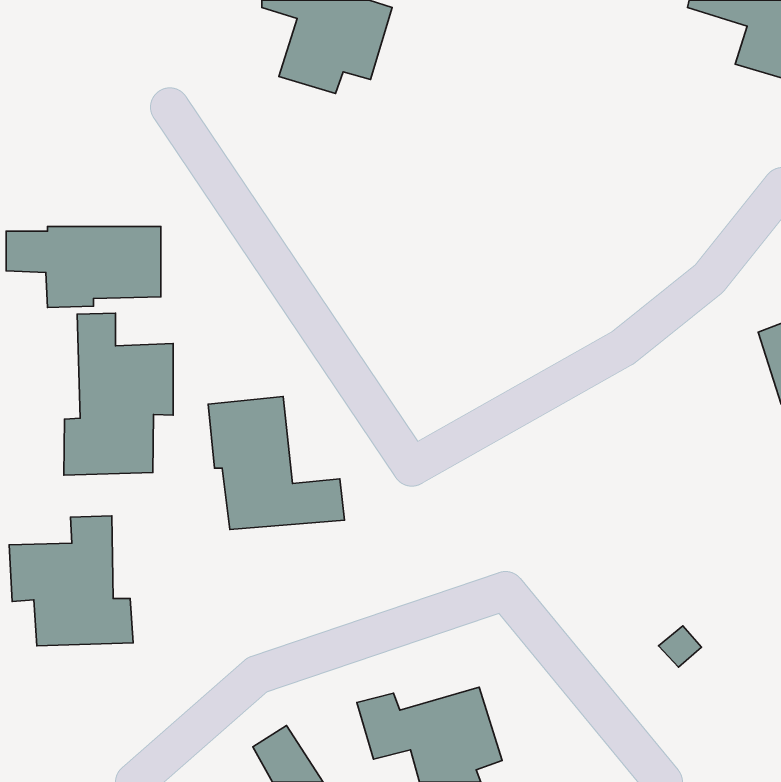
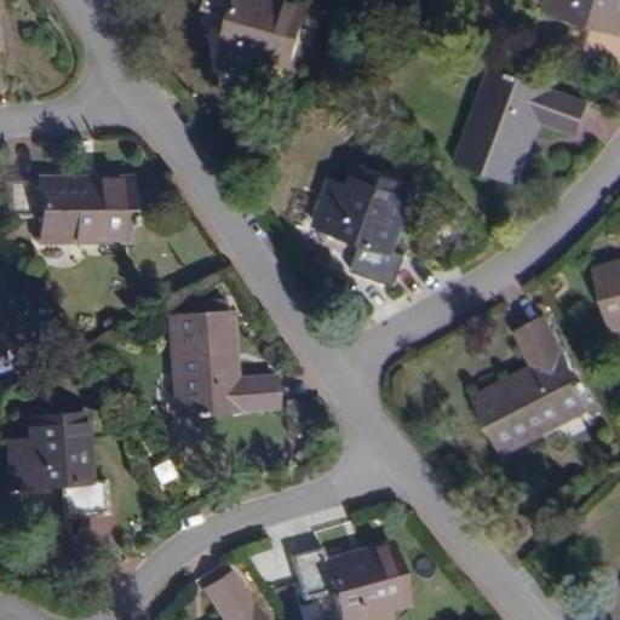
building: none -> [458,70,584,182]
building: none -> [318,167,418,287]
building: [64,313,173,475] -> none
building: none -> [477,308,586,448]

